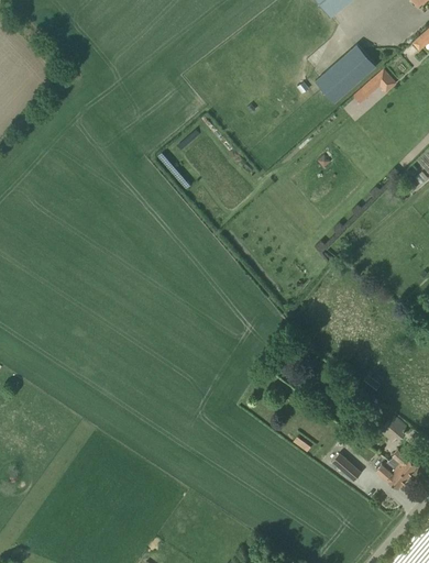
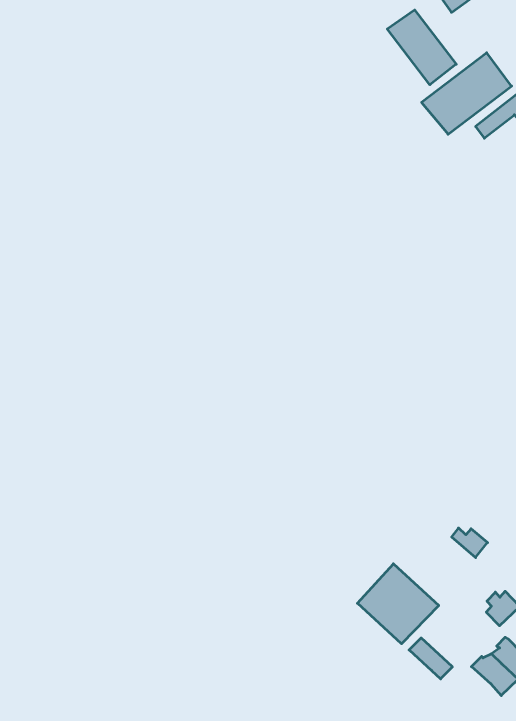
building: none -> [387,10,456,85]
building: none -> [357,564,439,644]

